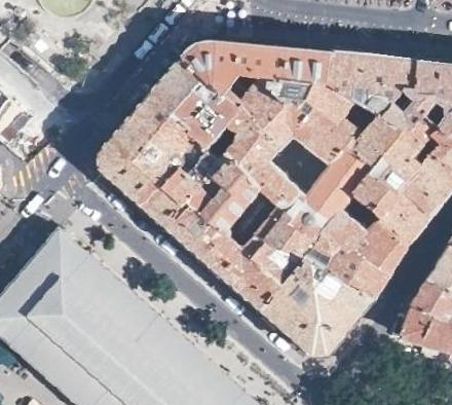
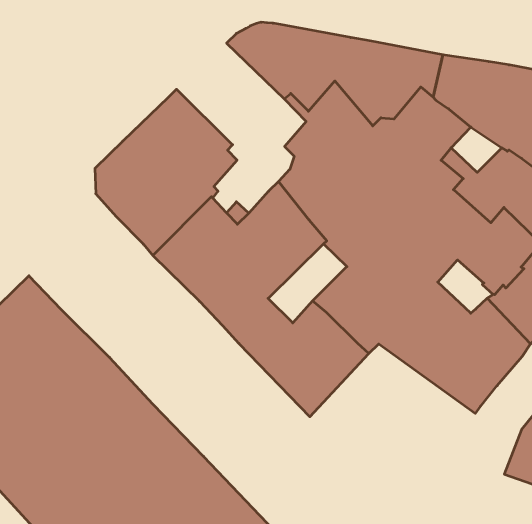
building: [149,58,240,148] -> none
building: [225,190,277,247] -> none
building: [261,256,375,357] -> none

